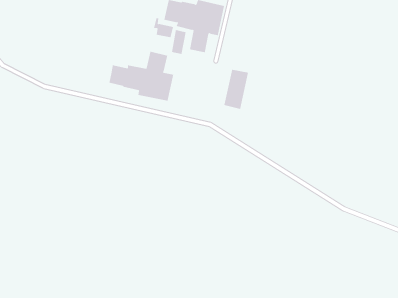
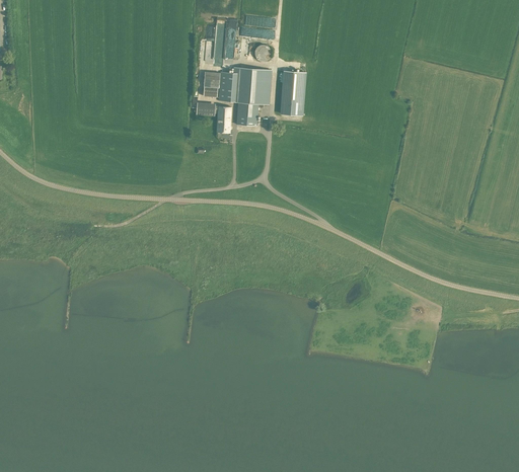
building: [109,51,174,101] -> none
building: [224,69,249,110] -> [281,71,304,115]

